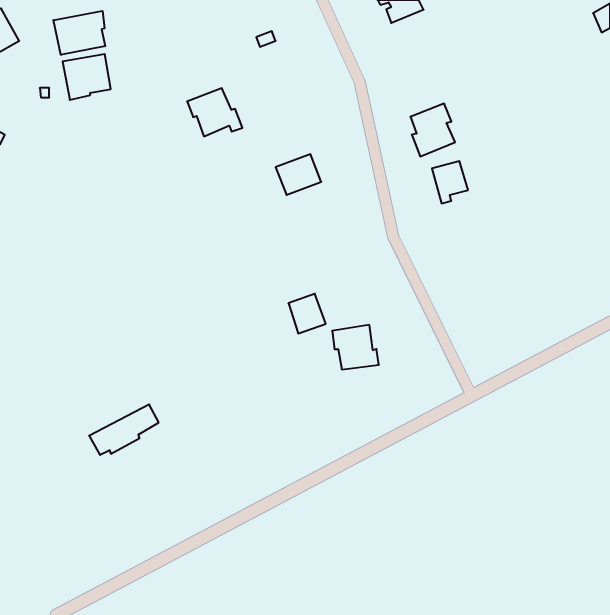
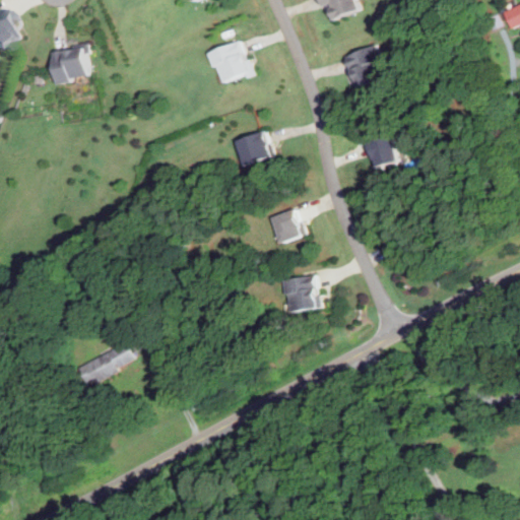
building: [53,11,105,55] -> none
building: [187,88,242,136] -> [207,41,254,81]
building: [410,104,455,156] -> [345,43,383,87]
building: [288,294,326,333] -> [270,210,302,244]

